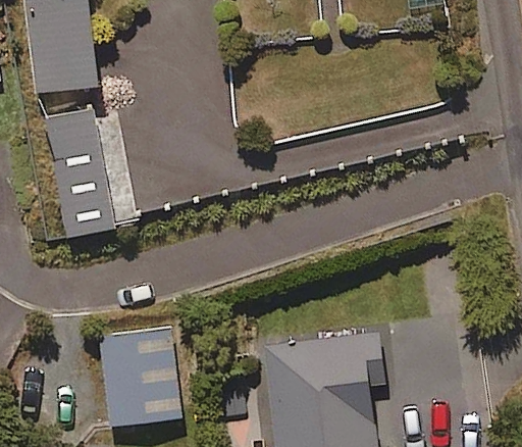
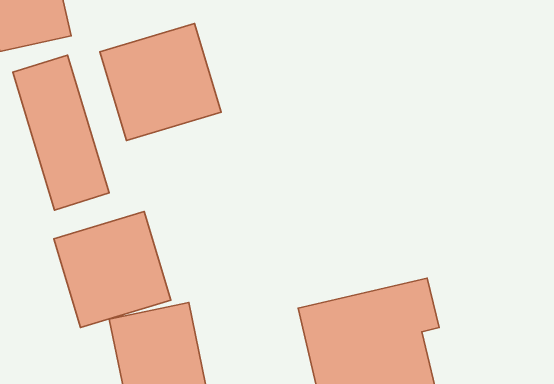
building: none -> [100,24,221,140]
building: none -> [54,211,171,328]

